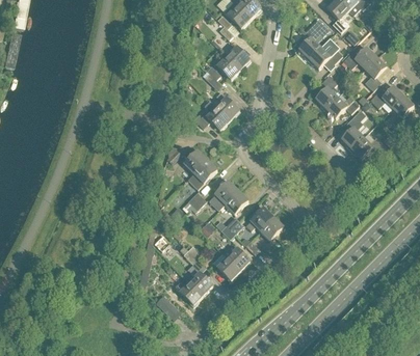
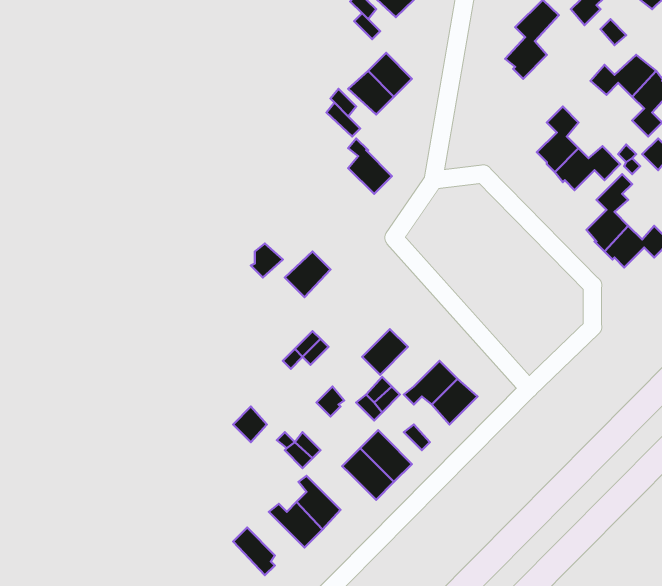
building: [308,39,342,67] -> none
building: [193,100,230,130] -> none
building: [187,159,216,189] -> none
building: [209,180,238,210] -> none

